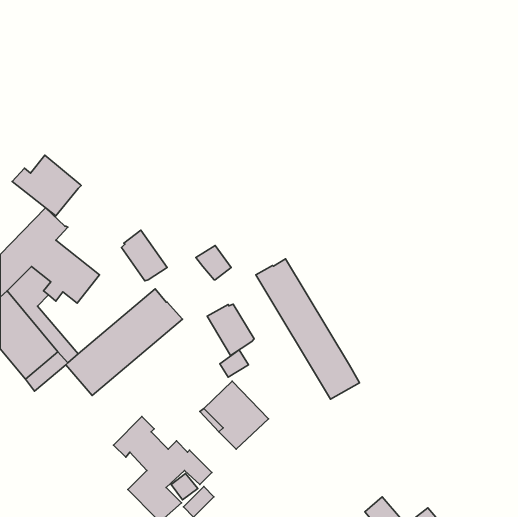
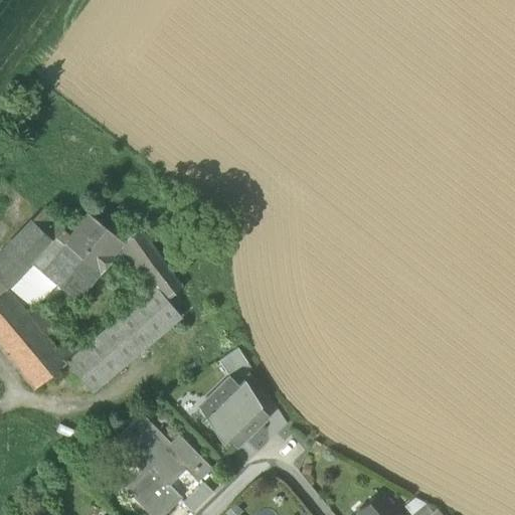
building: [12,155,81,216] -> [55,213,124,274]
building: [196,245,231,280] -> [147,267,182,301]
building: [256,259,359,399] -> none
building: [207,304,254,355] -> none

